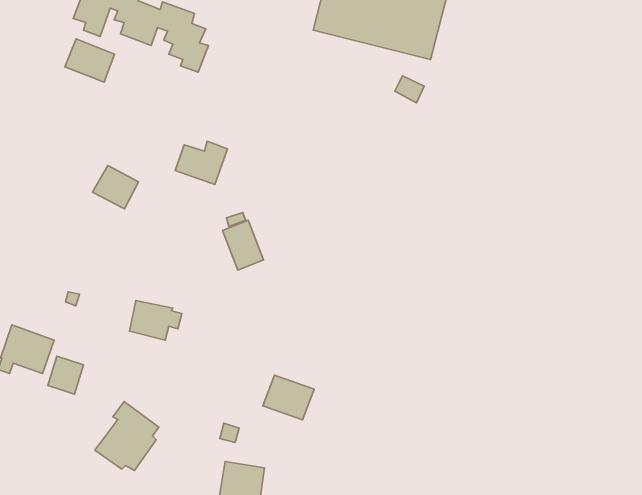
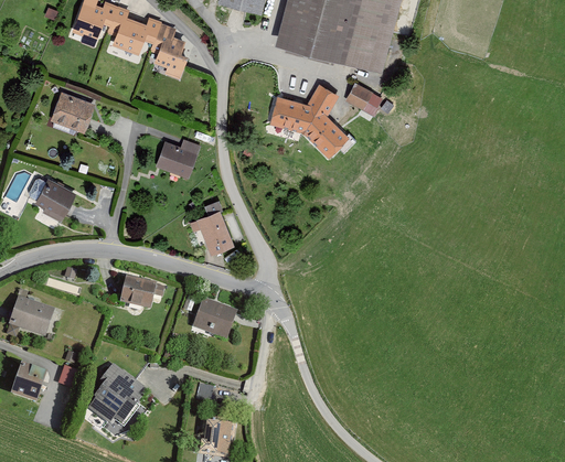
building: [65,39,114,82] -> [53,90,96,128]
building: none -> [270,82,351,157]
building: [93,165,138,209] -> [36,179,76,216]
building: [48,356,83,394] -> [18,365,49,398]
building: [263,375,314,420] -> [191,301,235,340]

